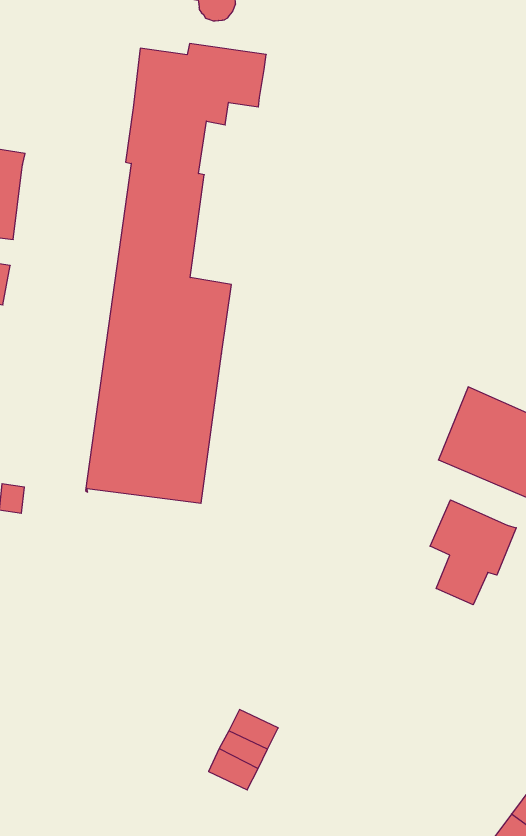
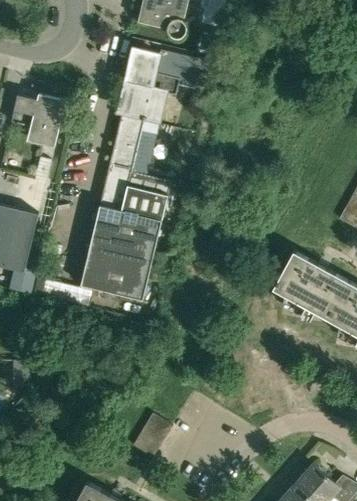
building: [430,500,516,605] -> none

